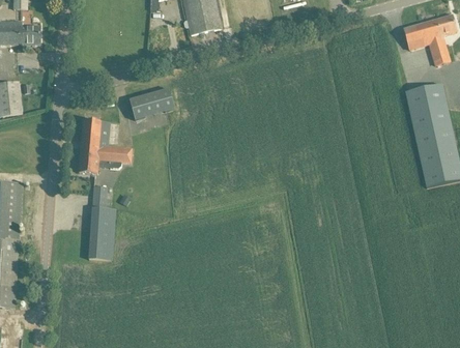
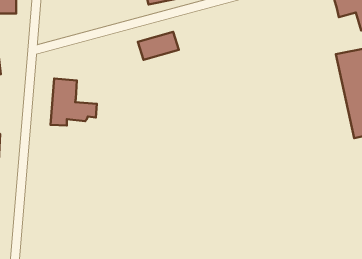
building: [128,87,175,119] -> [138,32,179,60]
building: [88,184,115,259] -> none

